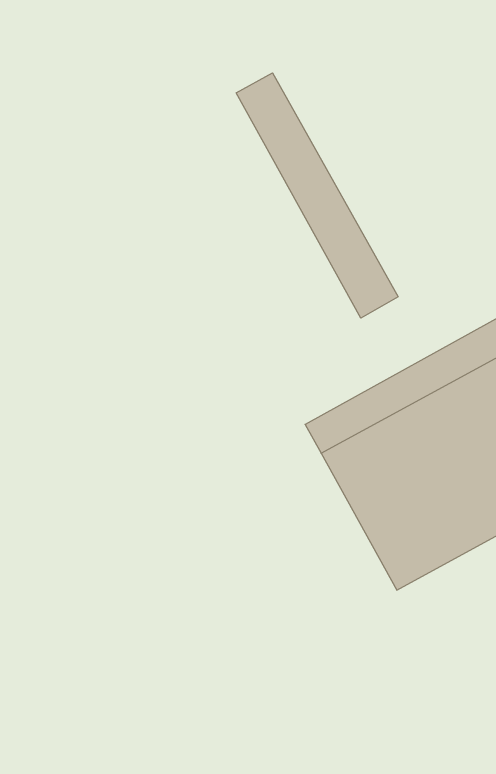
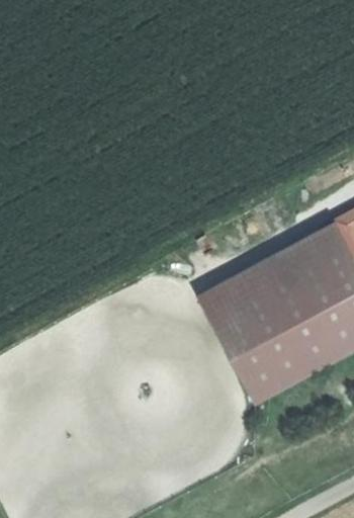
building: [236,73,398,318] -> none

